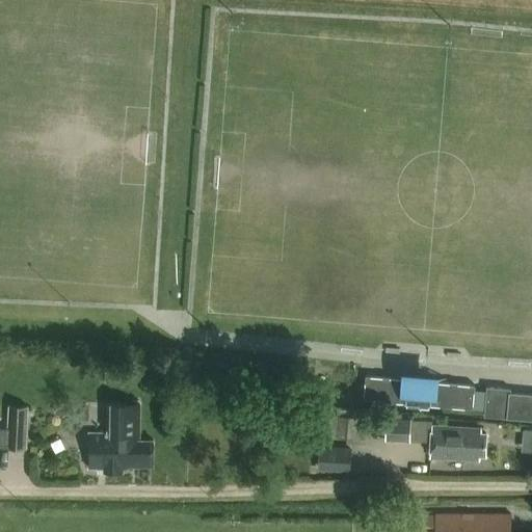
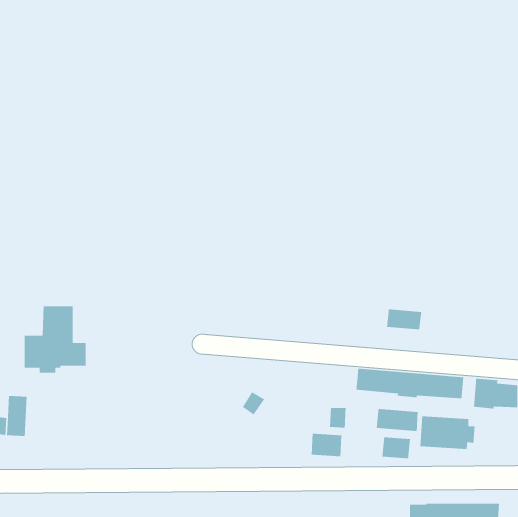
building: none -> [386,309,422,330]
building: [88,405,153,475] -> [24,305,87,373]
building: none -> [382,437,411,459]

